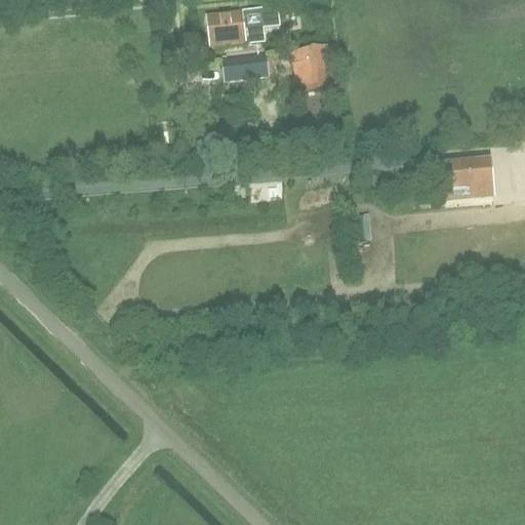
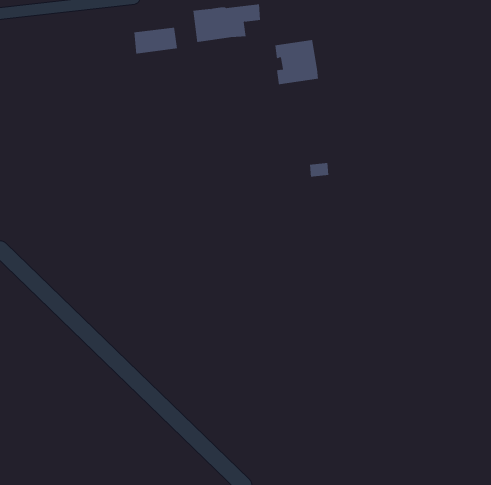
building: [223,51,270,80] -> [134,27,178,54]
building: [445,159,492,195] -> none

